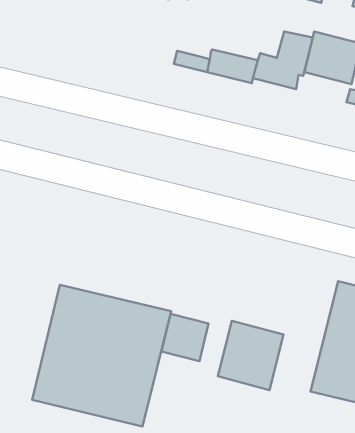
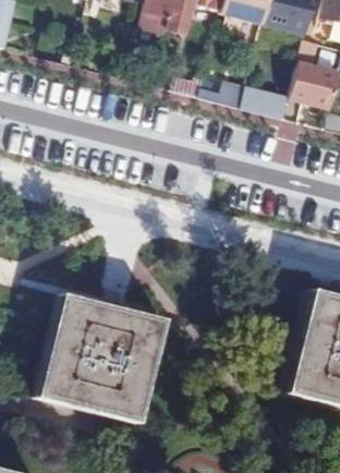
building: [162,314,209,361] -> none
building: [218,321,283,390] -> none

